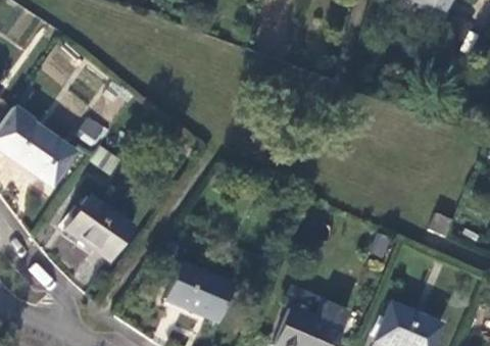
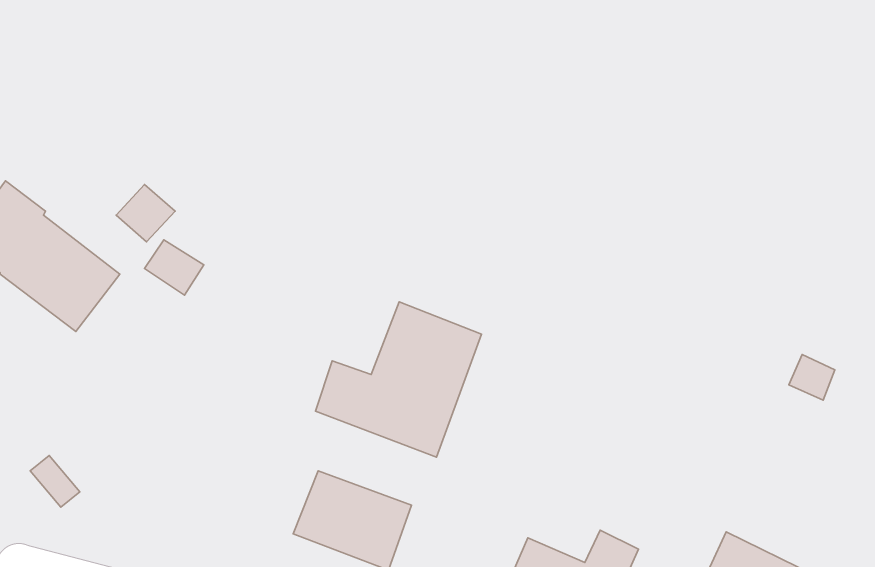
building: none -> [315,302,482,457]
building: [65,206,132,269] -> none

